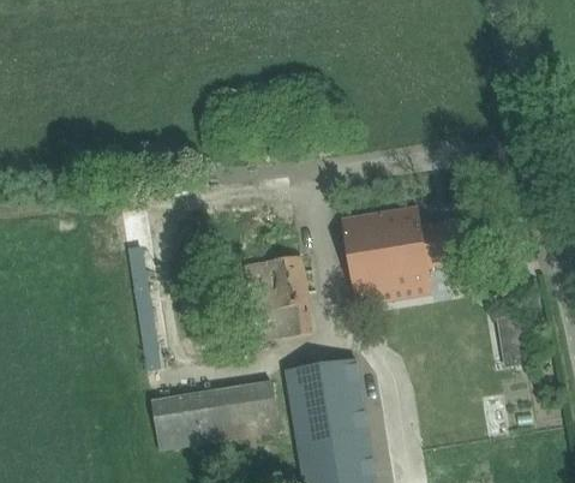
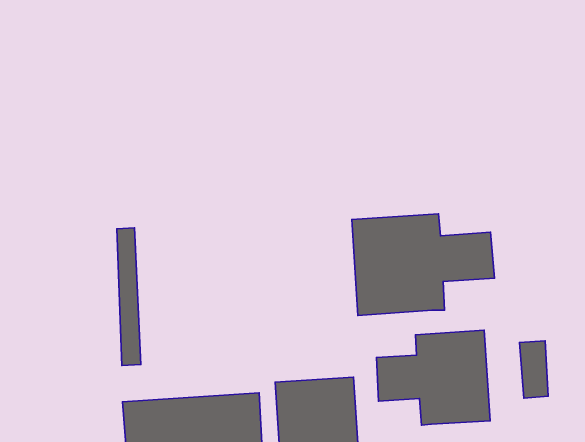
building: [242,256,312,340] -> none
building: none -> [377,330,490,425]

